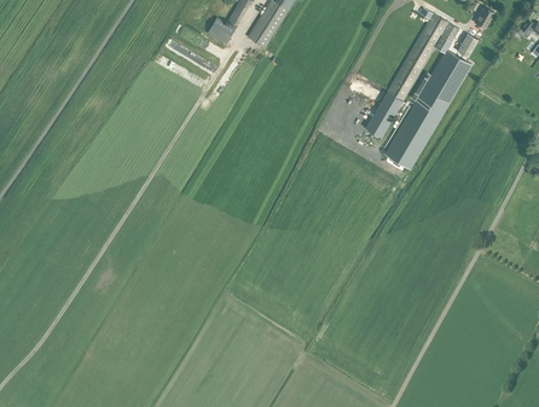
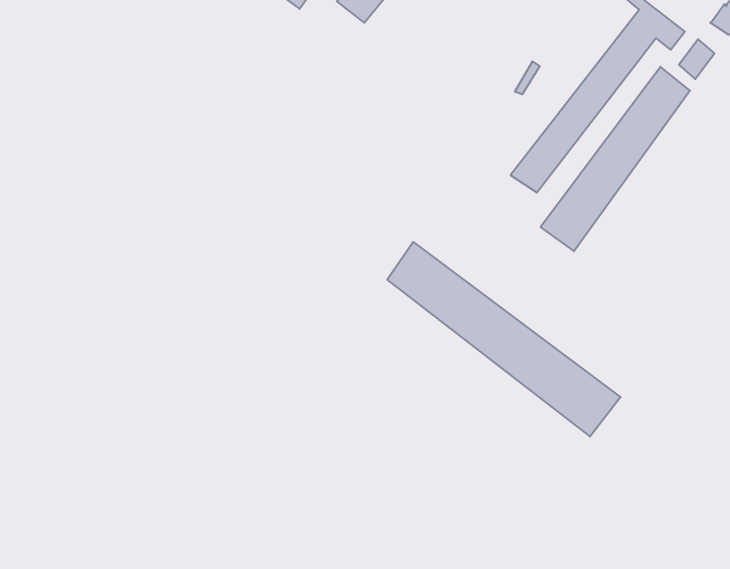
building: none -> [387,242,621,437]

